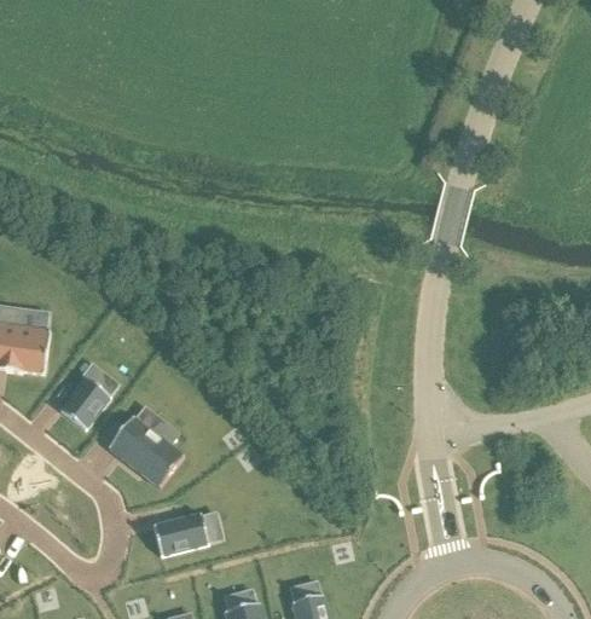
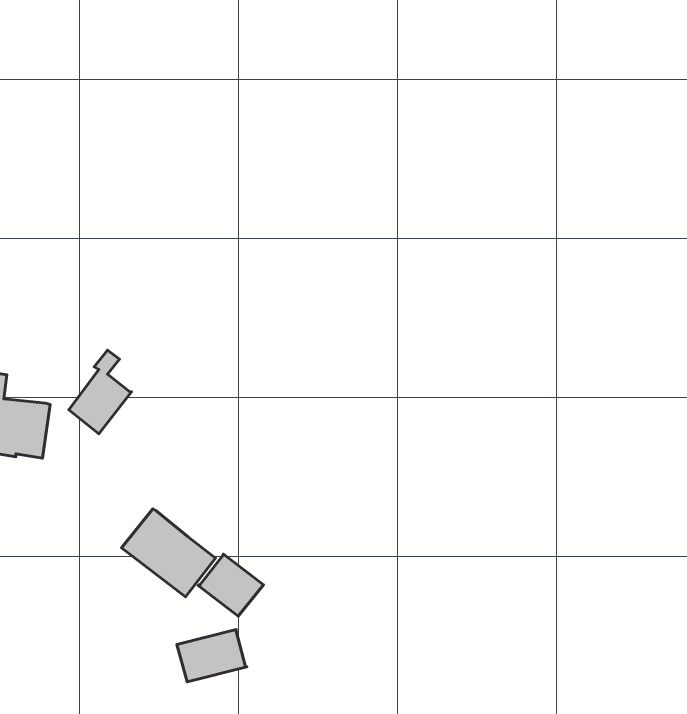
building: [60,361,111,429] -> [69,350,131,434]
building: none -> [198,554,263,616]

